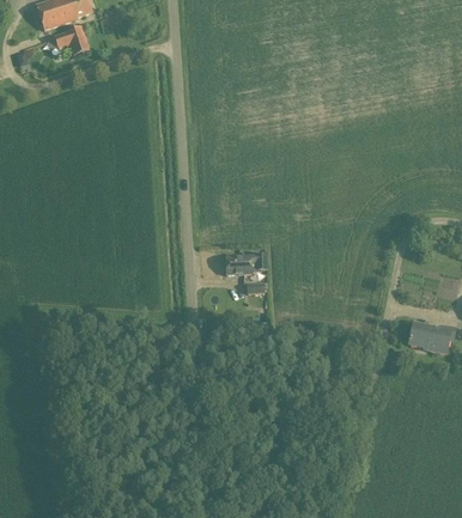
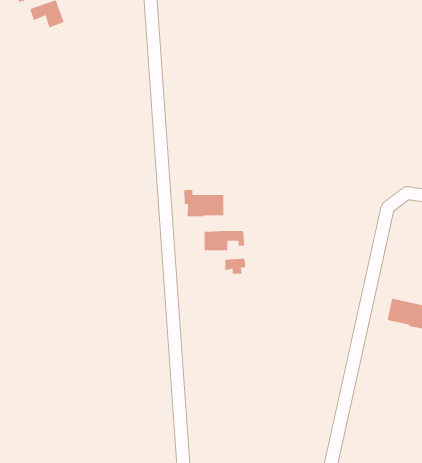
building: none -> [184,189,224,217]

